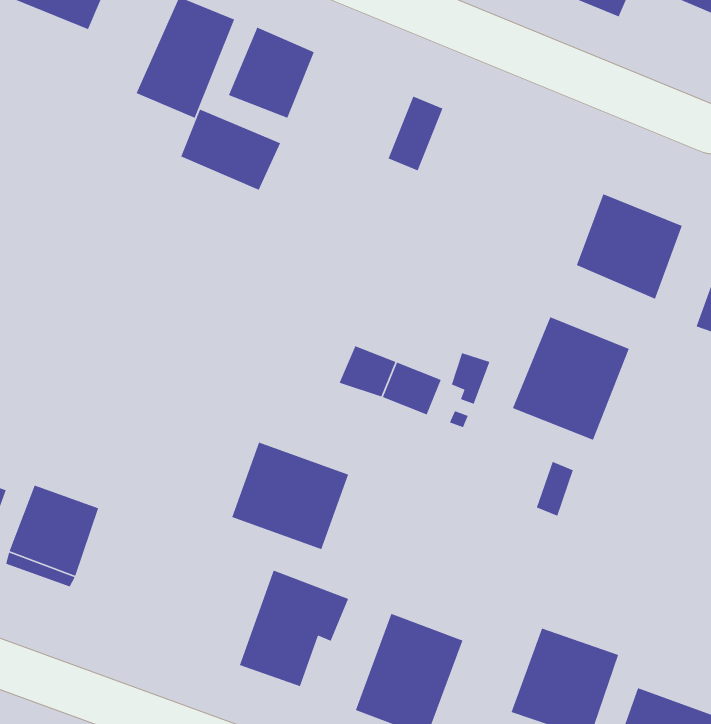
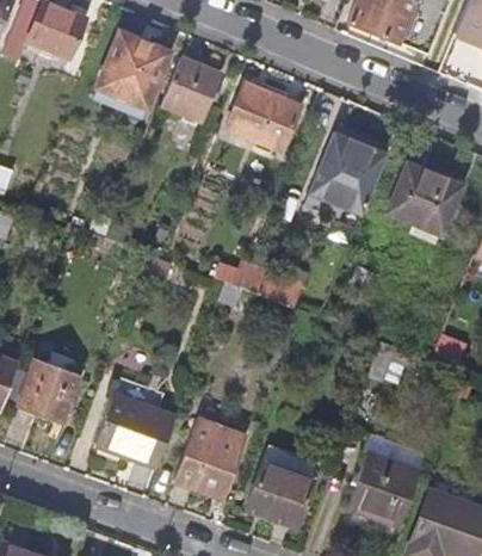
building: none -> [229,85,284,142]
building: [180,108,281,191] -> none
building: [512,316,630,441] -> [308,132,385,215]
building: [231,442,349,550] -> [98,393,175,464]

